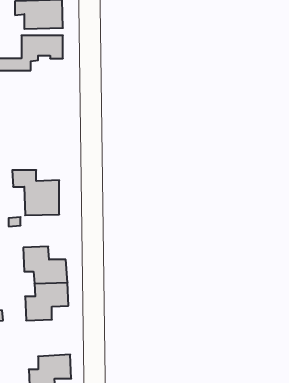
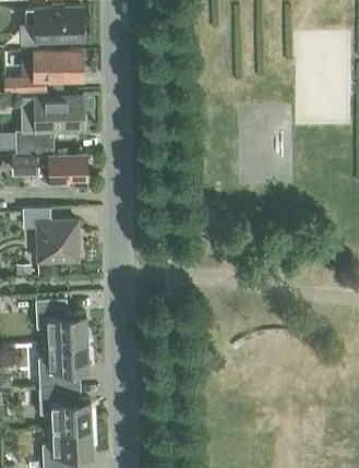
building: none -> [16,96,84,151]
building: none -> [13,154,87,185]
building: none -> [39,385,92,429]

